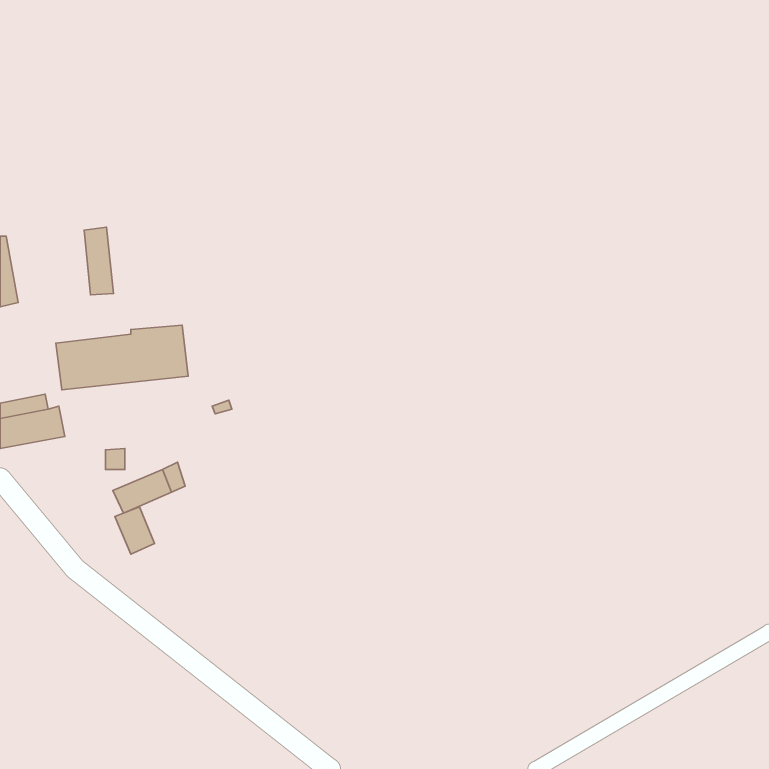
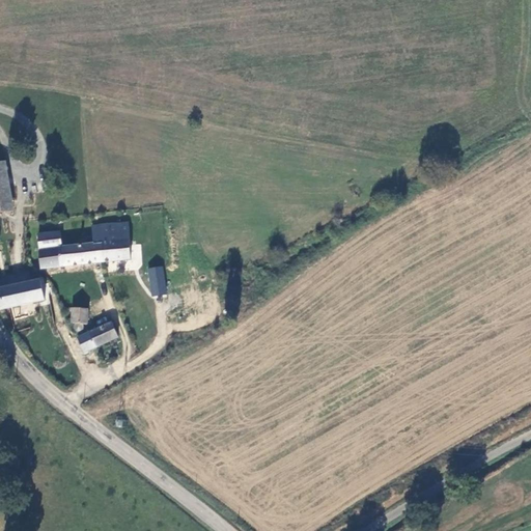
building: [84,227,114,295] -> none
building: [115,507,155,554] -> none

